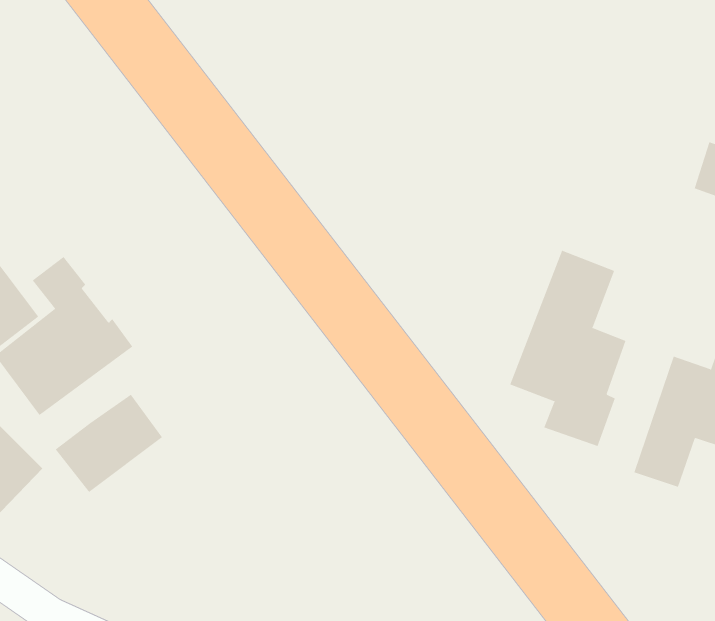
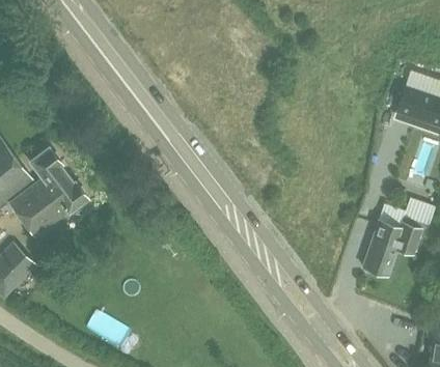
building: [509,250,626,447] -> none
building: [55,394,163,493] -> none

